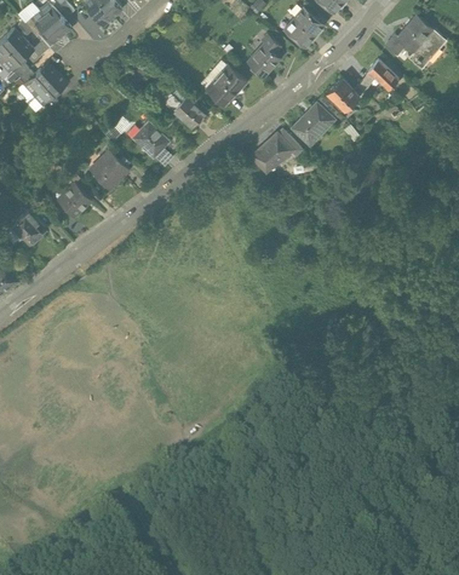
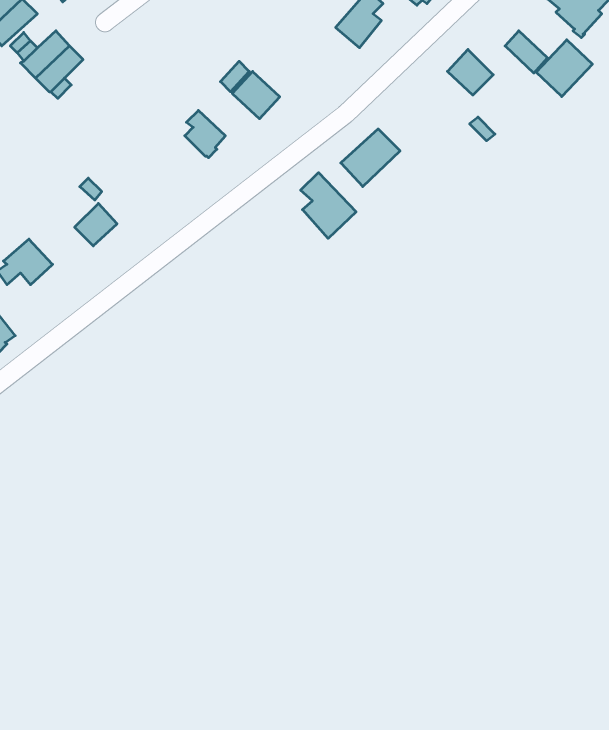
building: [207,62,247,102] -> none
building: none -> [536,40,592,97]
building: [293,103,334,143] -> none
building: [93,149,130,186] -> none
building: none -> [301,173,356,238]

